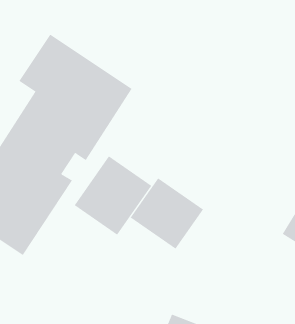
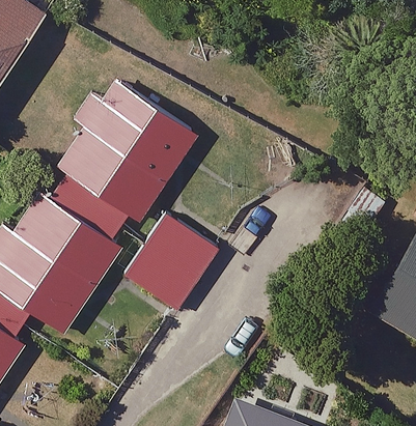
building: [130,177,204,250] -> none

